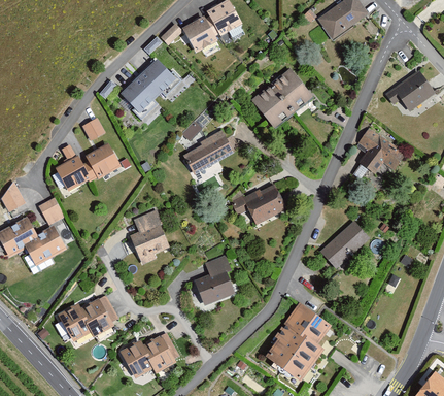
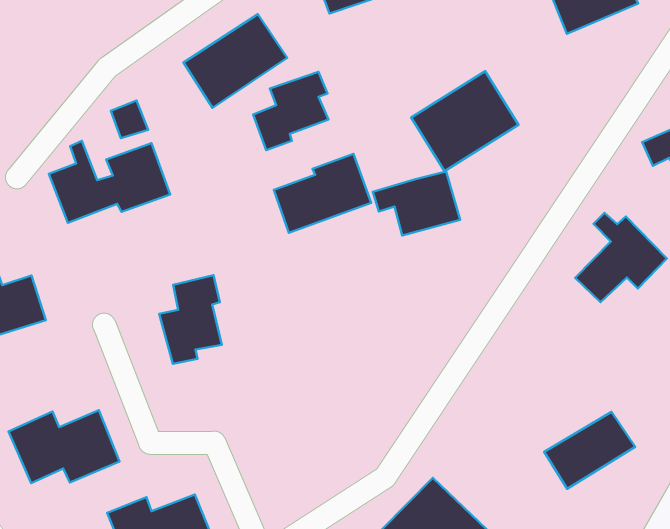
building: none -> [253,72,328,150]
building: [235,184,286,224] -> [373,171,460,236]
building: [37,196,65,225] -> none
building: [318,220,369,267] -> [544,412,635,489]
building: [194,253,234,305] -> none

